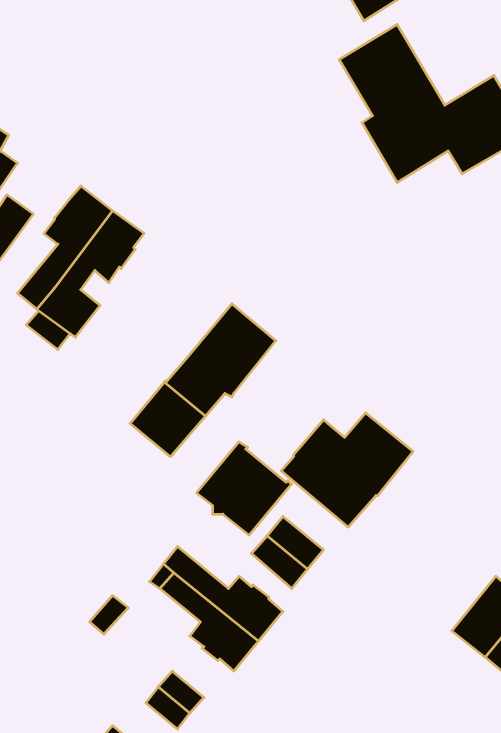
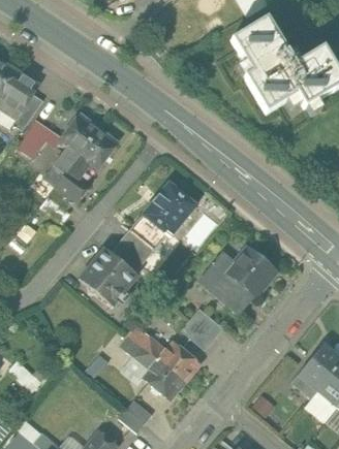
building: [197,442,292,535] -> [81,249,136,303]

